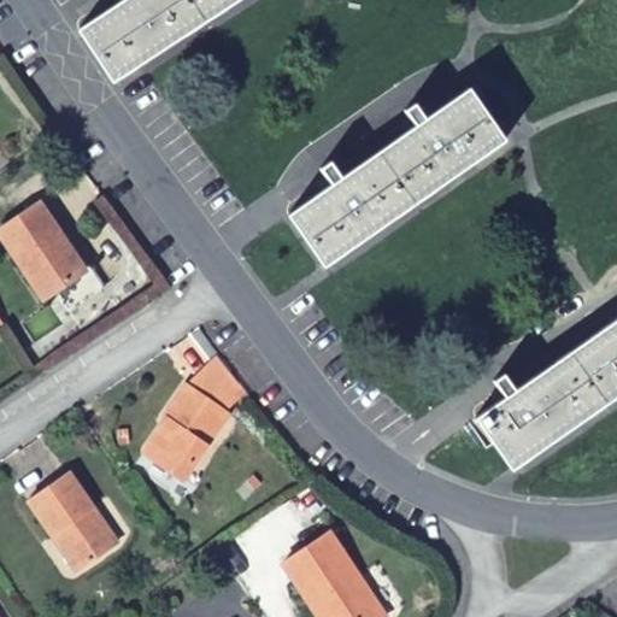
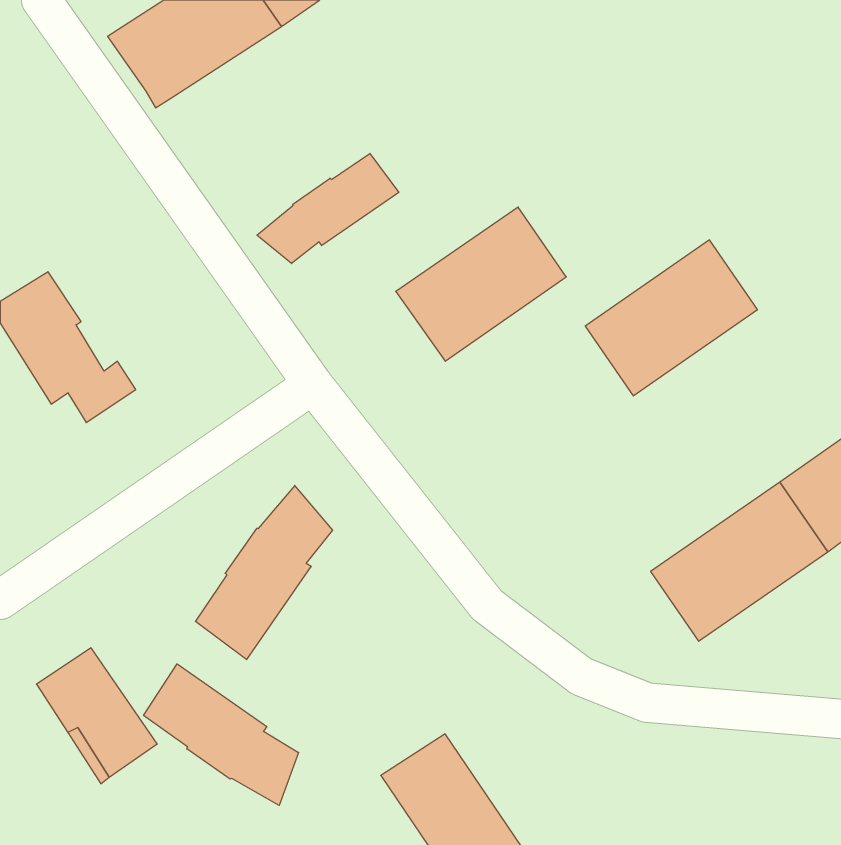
building: [381,89,506,202] -> [585,240,757,396]
building: none -> [257,153,399,264]
building: none -> [144,664,299,805]

